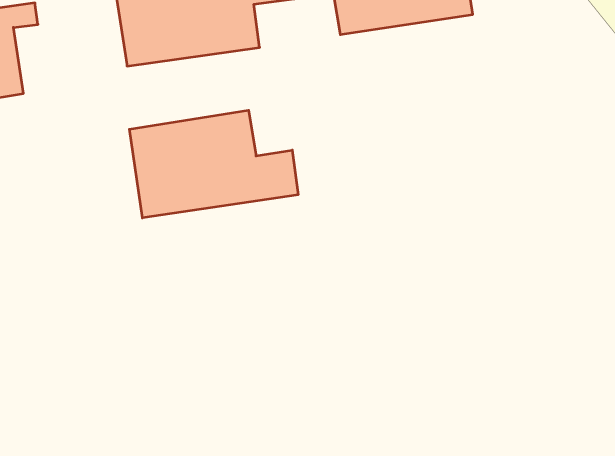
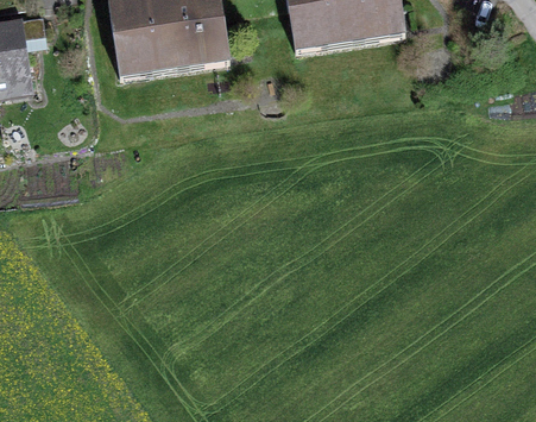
building: [129,110,298,218] -> none

